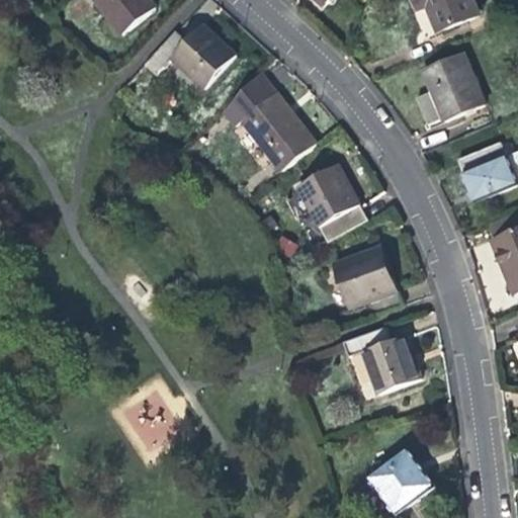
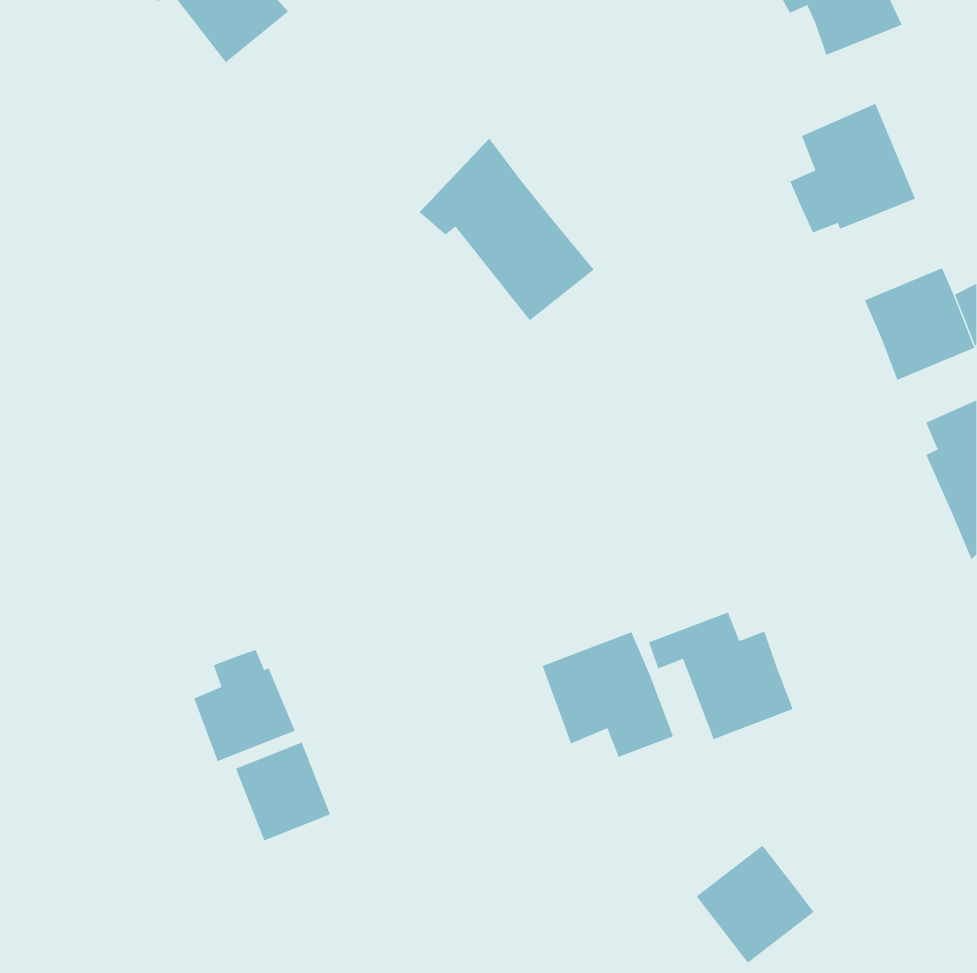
building: [144,24,235,90] -> none
building: [296,164,366,241] -> none
building: [333,247,403,314] -> [542,631,674,758]
building: none -> [193,649,295,762]

